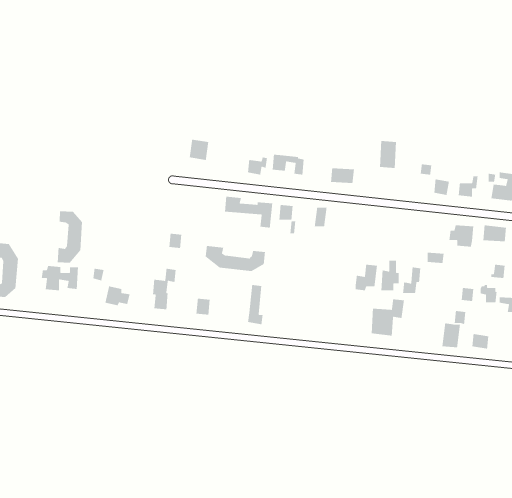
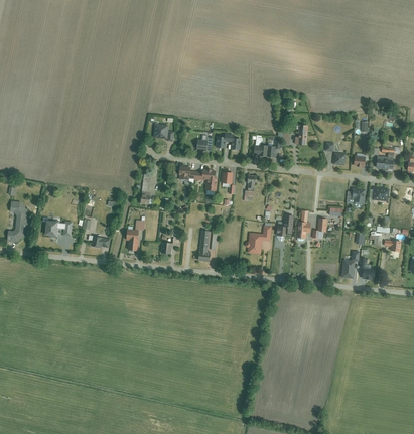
building: [57,210,83,263] -> none
building: [205,245,266,272] -> none
building: [371,298,405,336] -> [247,226,272,254]

